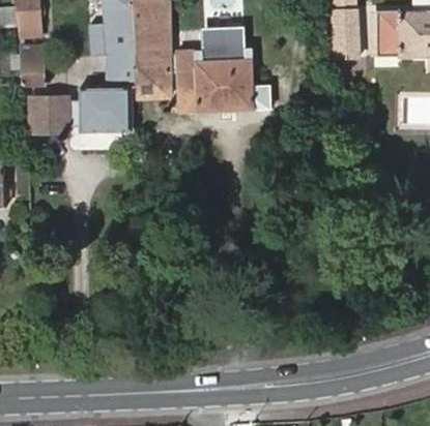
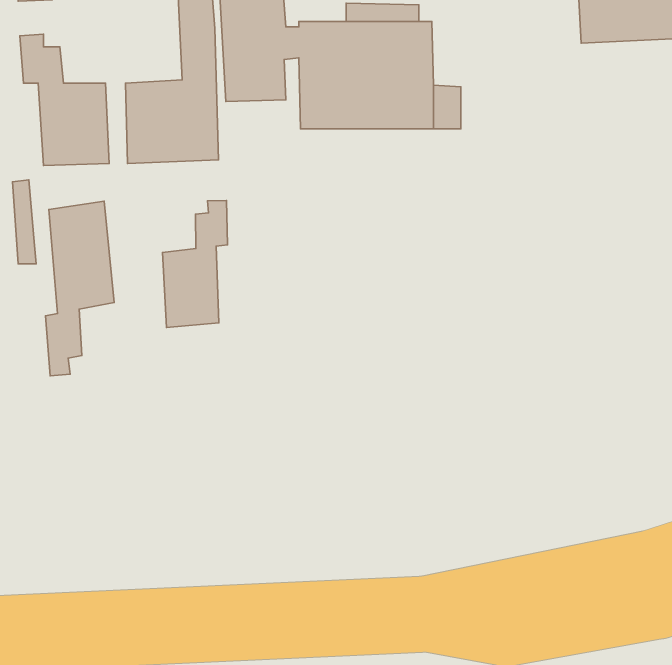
building: none -> [163,200,228,327]
building: none -> [45,201,114,376]

